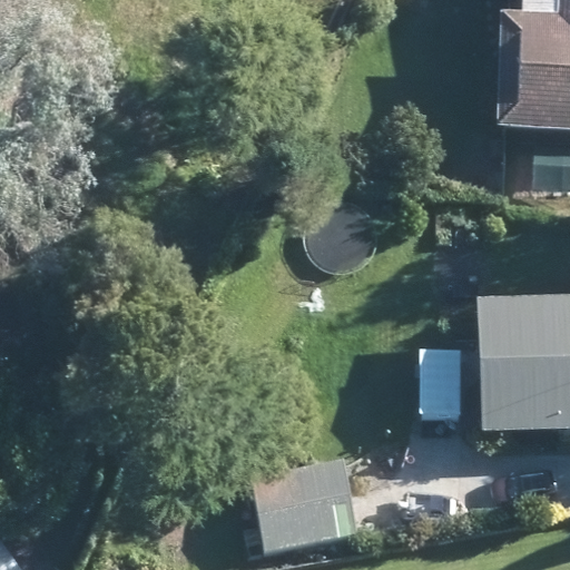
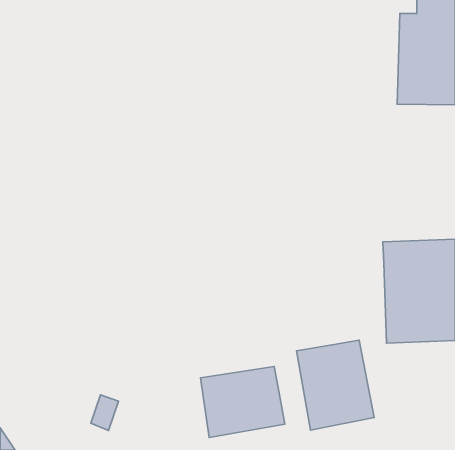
building: none -> [296,340,374,430]

